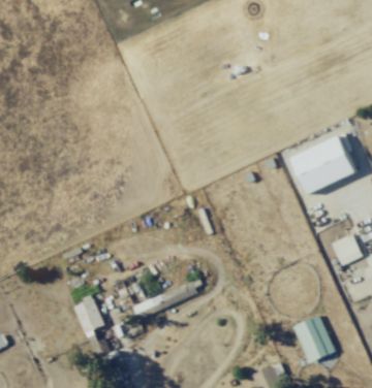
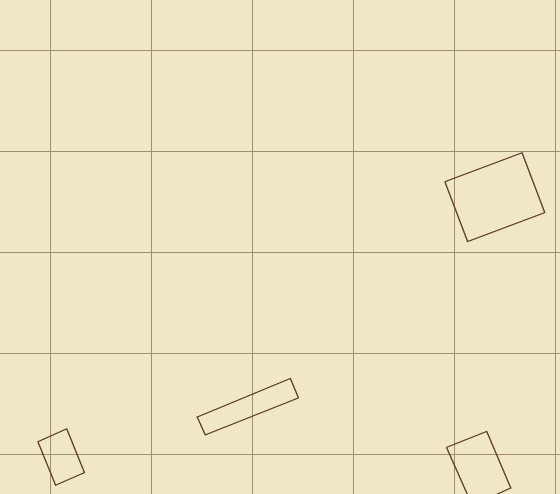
building: [332,233,362,265] -> none
building: [74,296,104,332] -> [38,429,85,485]

